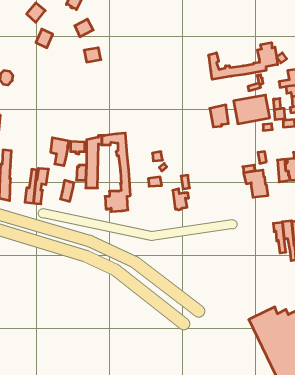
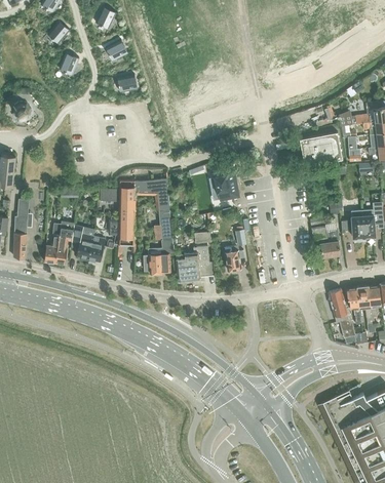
building: [209,43,278,79] -> none
building: [210,105,228,127] -> [216,173,238,200]
building: [51,138,69,166] -> [72,225,94,258]
building: none -> [176,246,215,283]
building: none -> [329,288,355,338]

